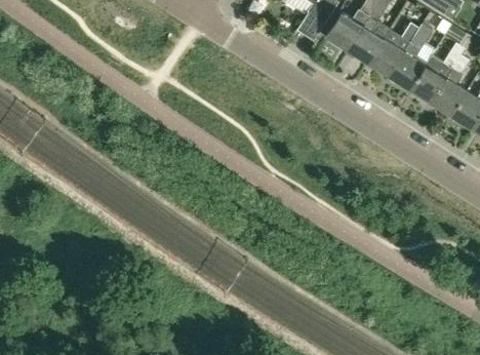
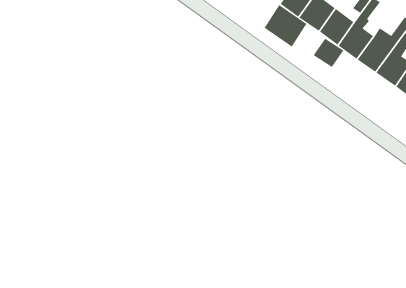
building: none -> [264,4,307,48]
building: none -> [313,38,344,68]

